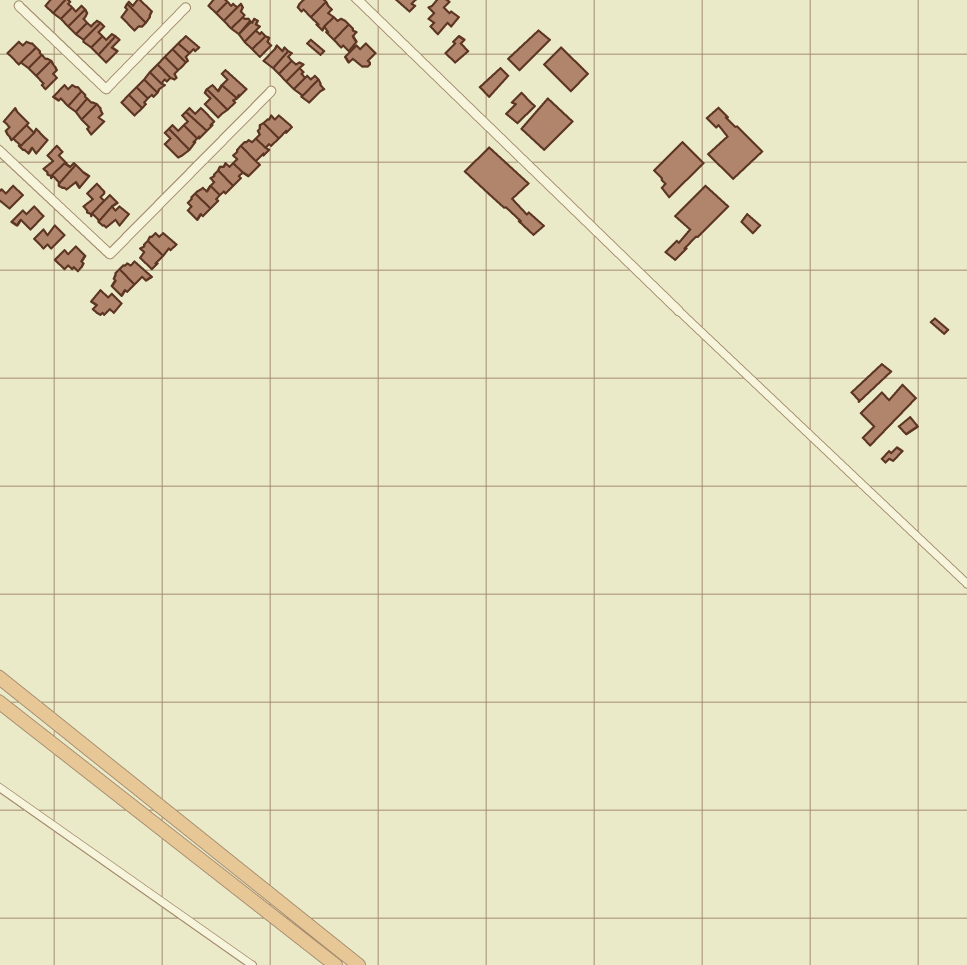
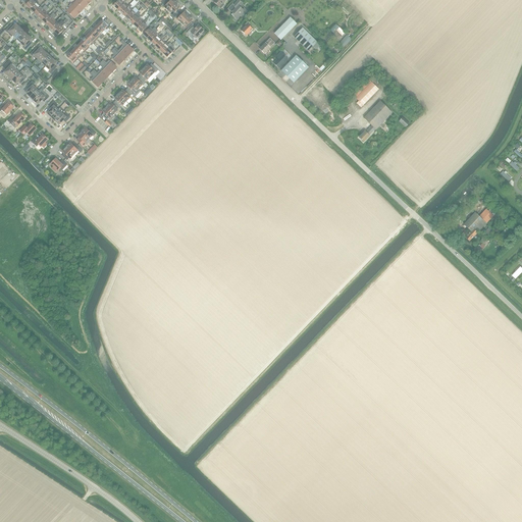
building: [707,108,762,179] -> none
building: [465,147,544,235] -> none

